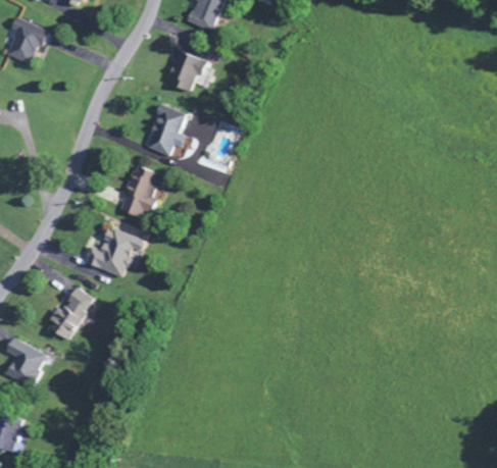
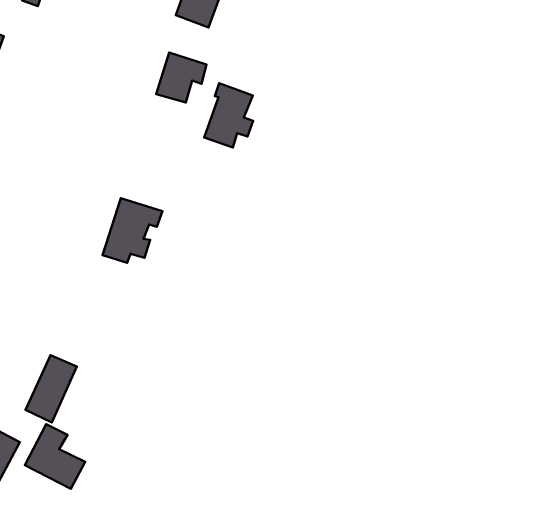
building: [147,104,188,156] -> [204,83,253,148]
building: [84,226,148,277] -> none
building: none -> [25,424,85,489]

